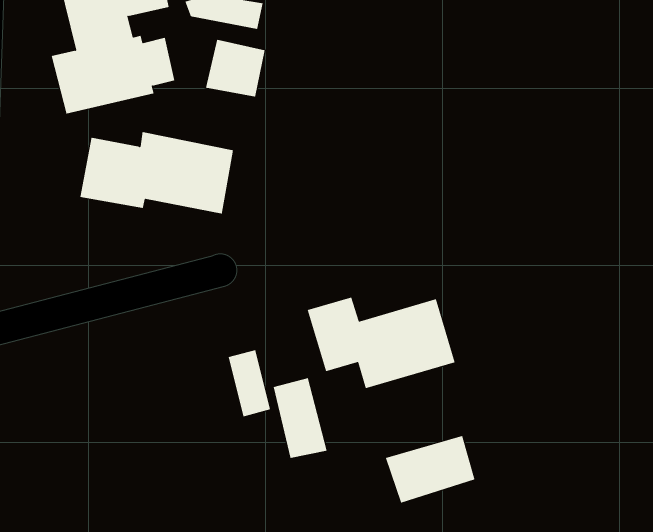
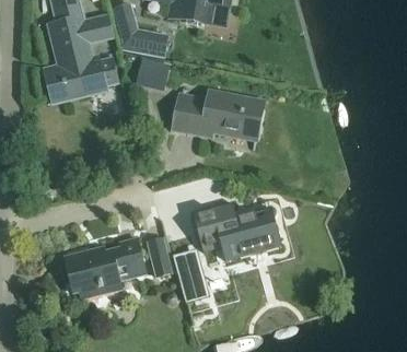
building: [80,131,234,214] -> [173,92,263,140]
building: none -> [63,238,146,298]
building: [385,435,475,503] -> none

